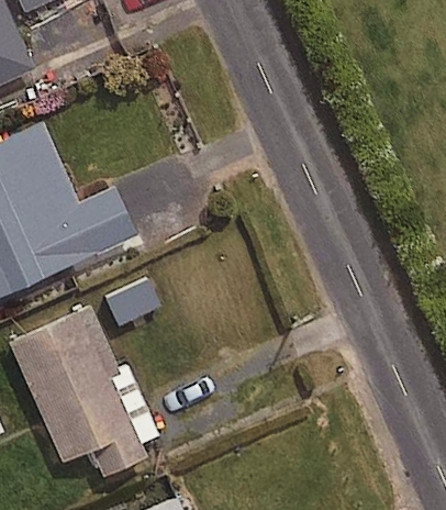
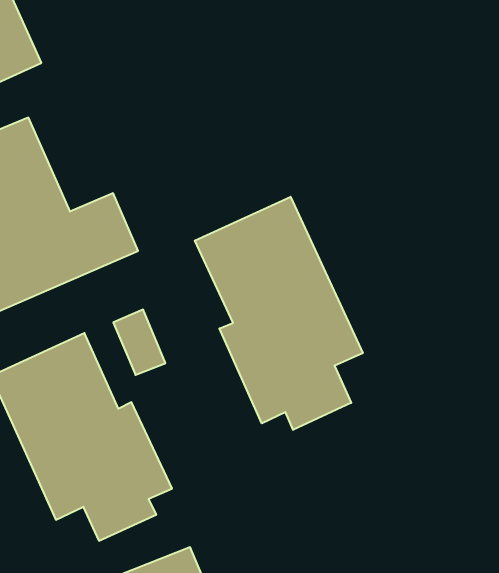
building: none -> [195,197,363,430]

